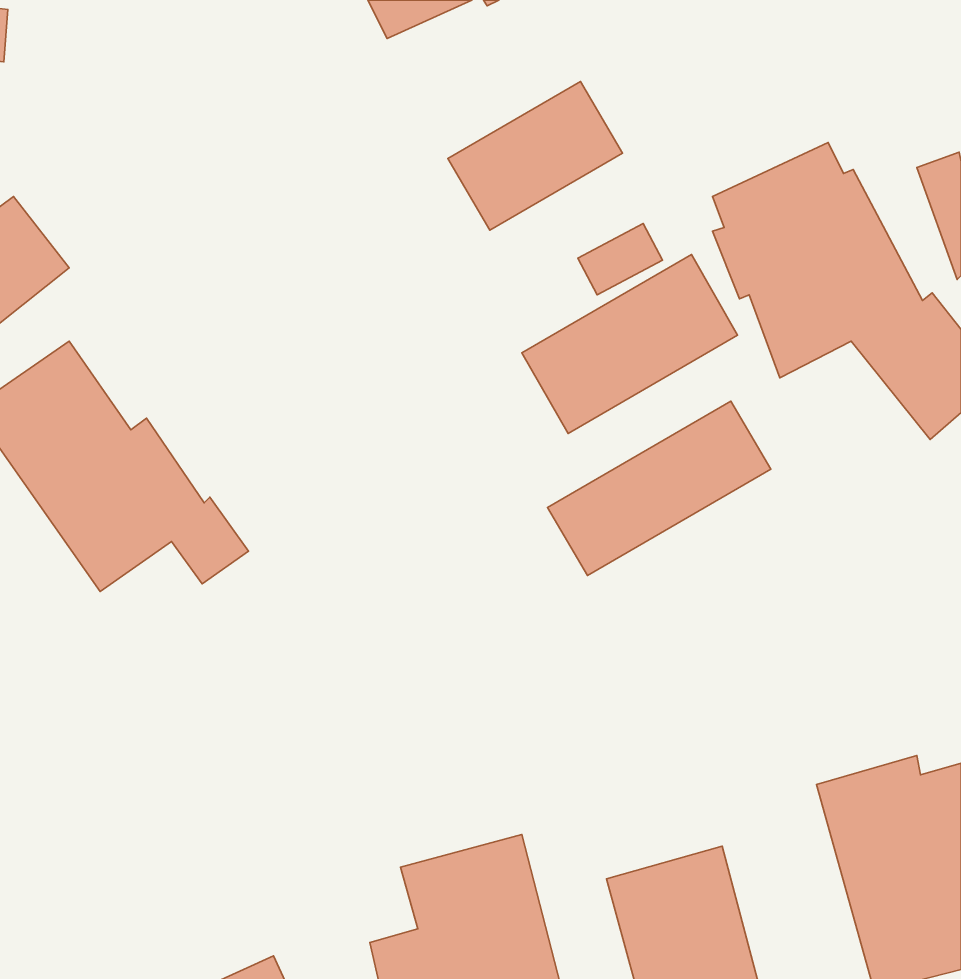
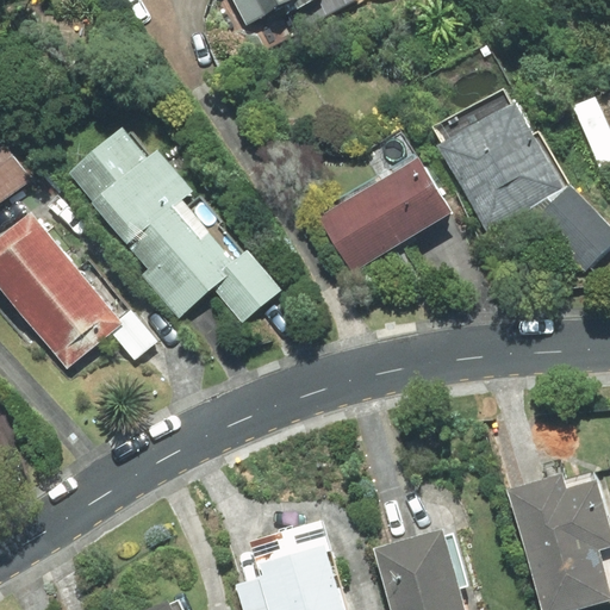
building: [448,82,622,230] -> none
building: none -> [73,132,278,328]
building: [547,401,771,575] -> none

